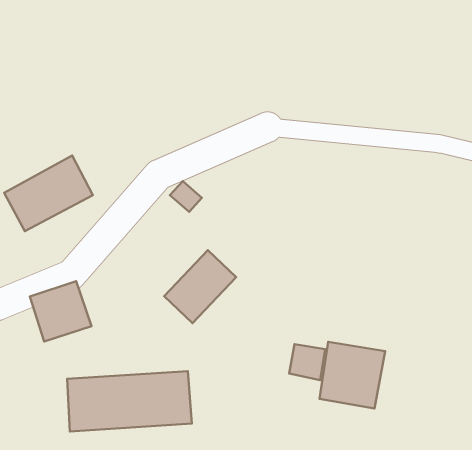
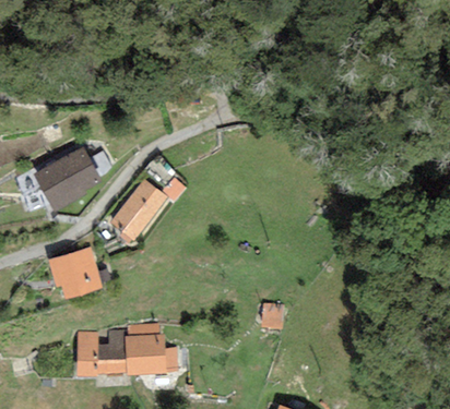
building: [164,250,236,323] -> [107,183,168,245]
building: [319,342,385,408] -> none

